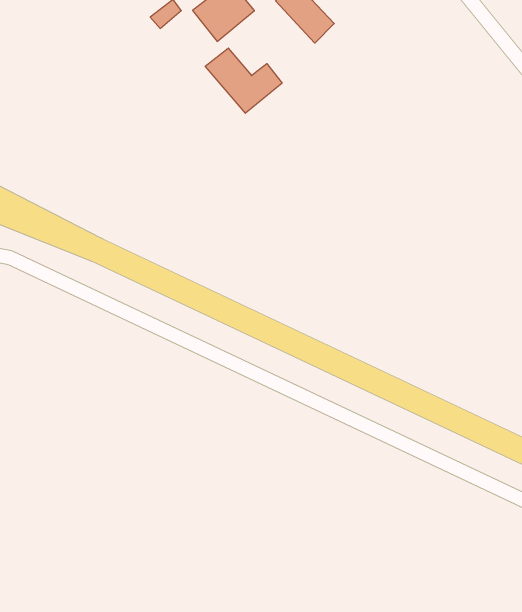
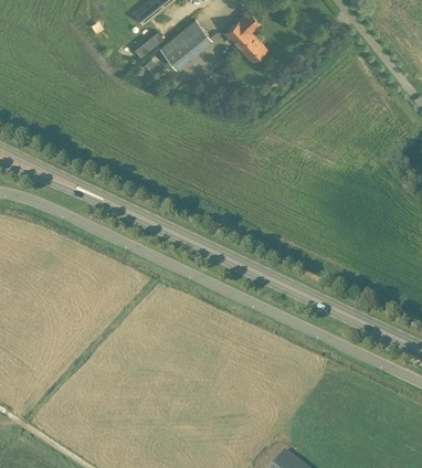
building: [205,48,282,113] -> none

